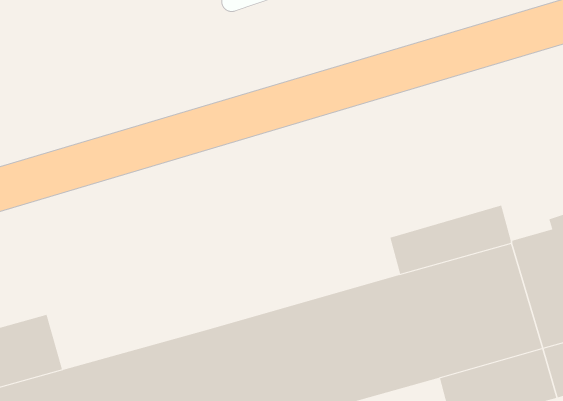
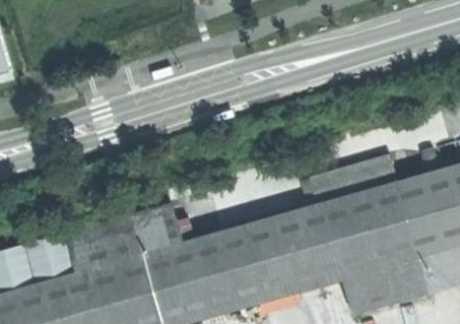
building: none -> [65,203,182,273]

